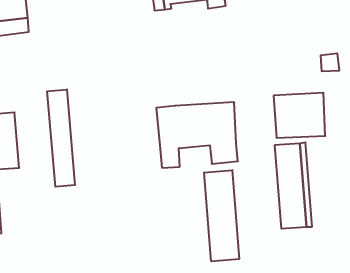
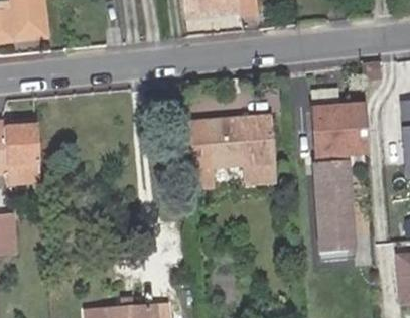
building: [47,89,75,187] -> none
building: [204,170,239,261] -> none

